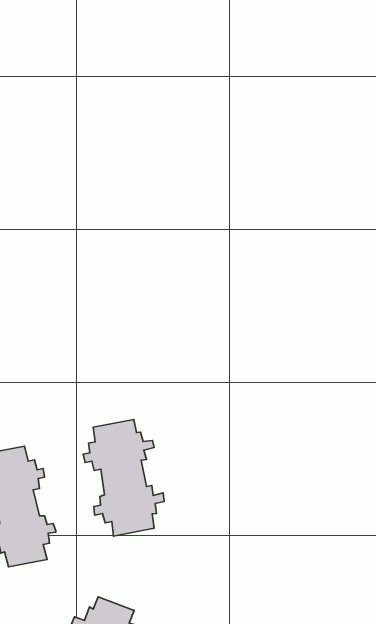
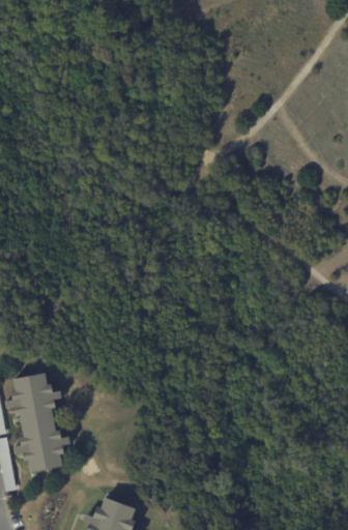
building: [83,419,164,536] -> none

